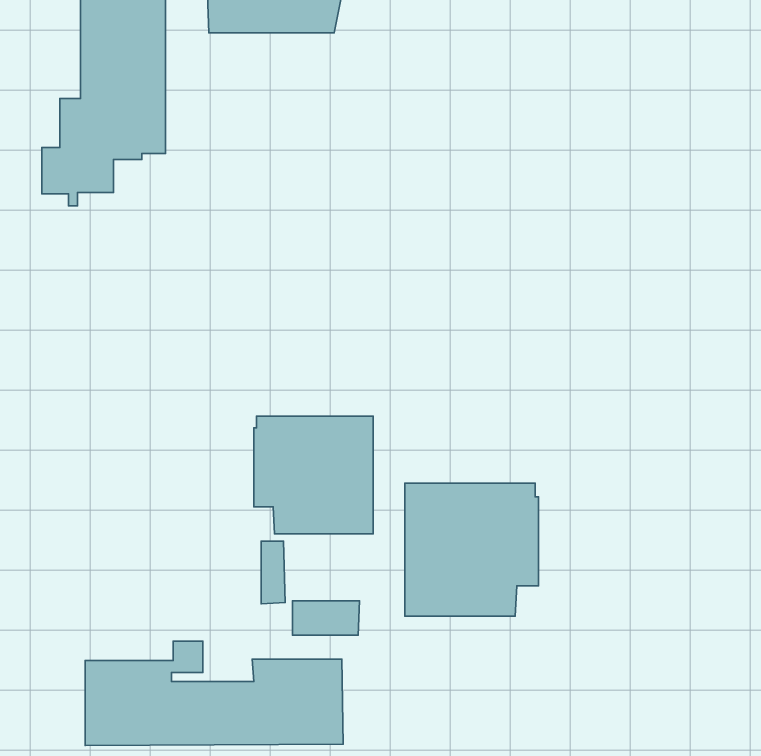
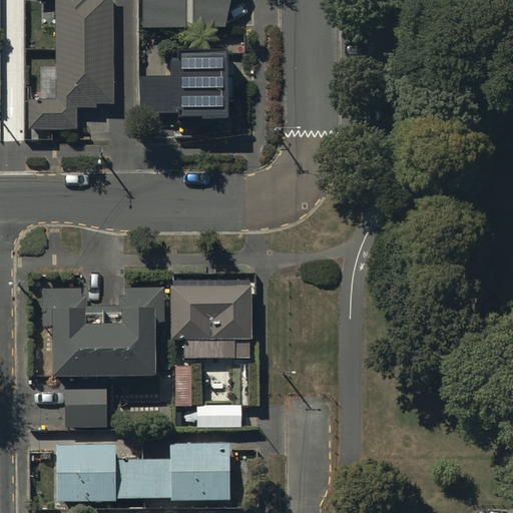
building: none -> [140,45,227,114]
building: none -> [42,288,163,428]
building: [405,483,538,616] -> none

